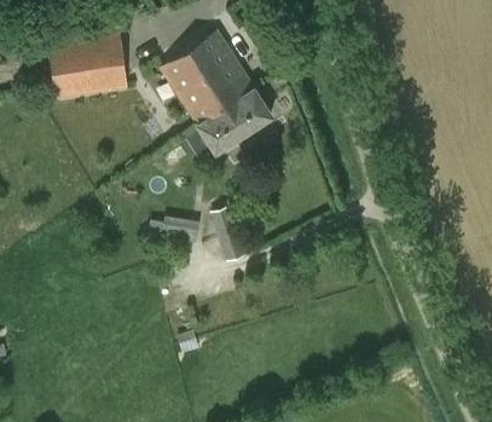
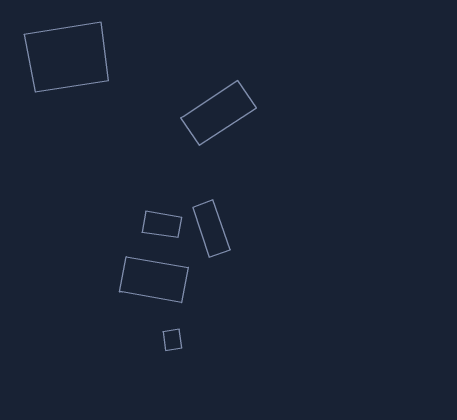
building: [161,31,253,123] -> none
building: none -> [120,257,188,303]

